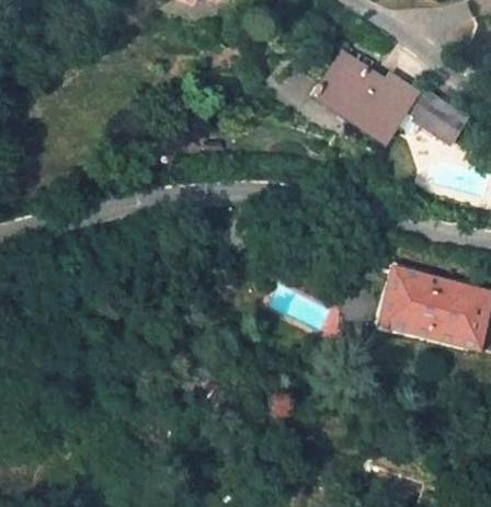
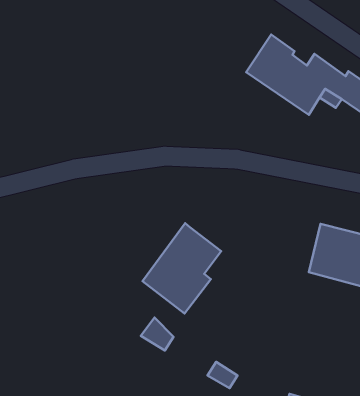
building: none -> [143,223,221,313]

